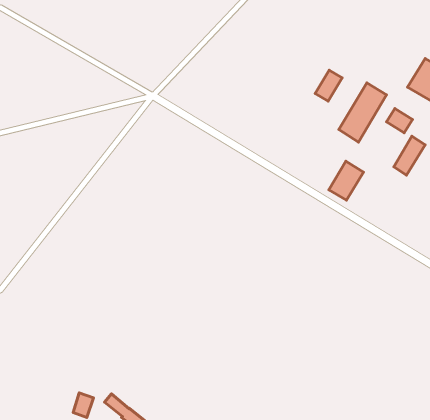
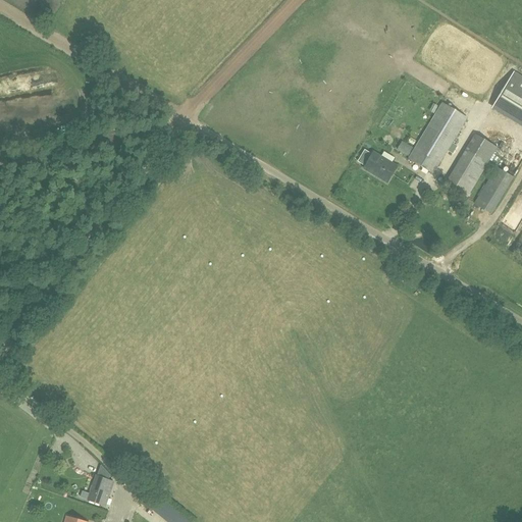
building: [315,70,342,101] -> none
building: none -> [363,150,397,180]
building: [329,161,364,200] -> [446,148,487,195]

